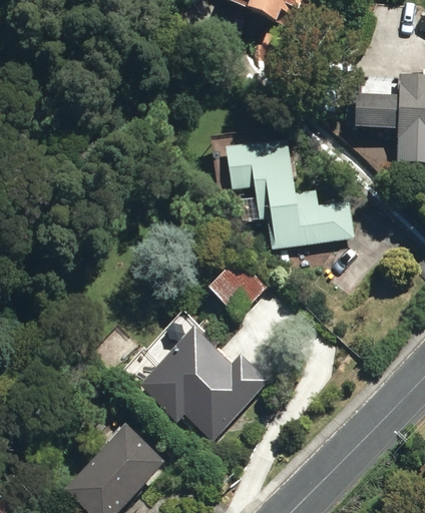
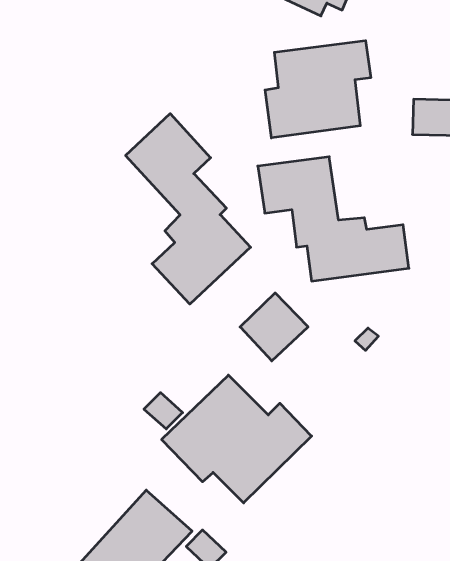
building: none -> [265,41,371,138]
building: none -> [126,114,251,304]

